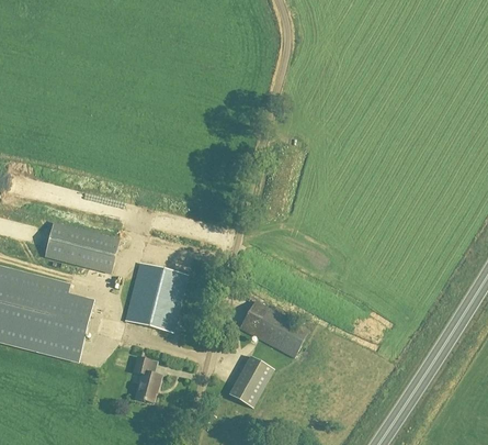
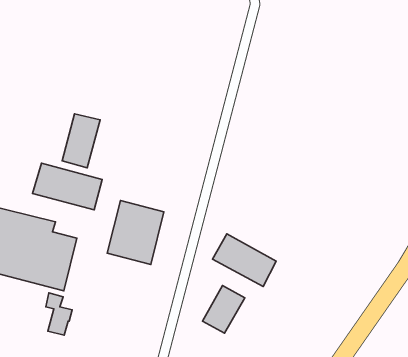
building: none -> [62,114,100,168]
building: [133,356,161,402] -> [46,293,72,335]

